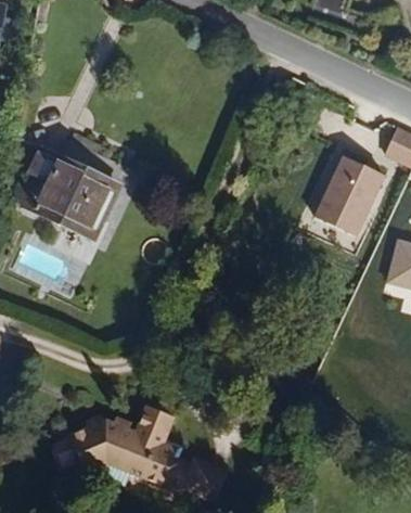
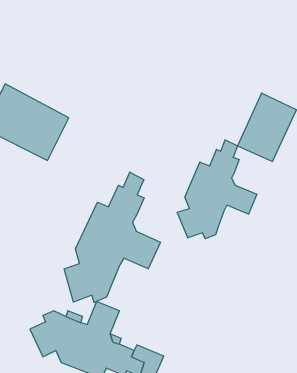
building: none -> [177,140,257,239]
building: none -> [64,172,161,303]

